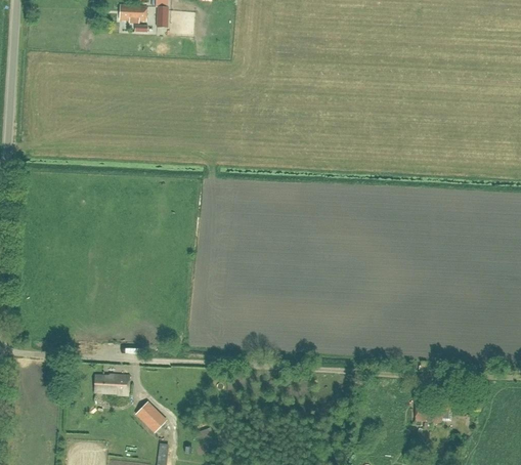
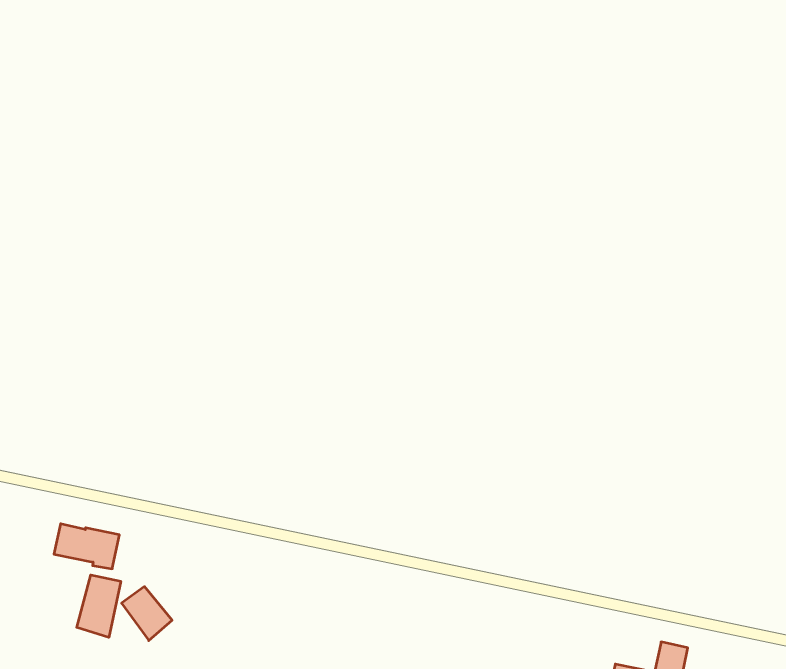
building: none -> [77,575,121,637]

